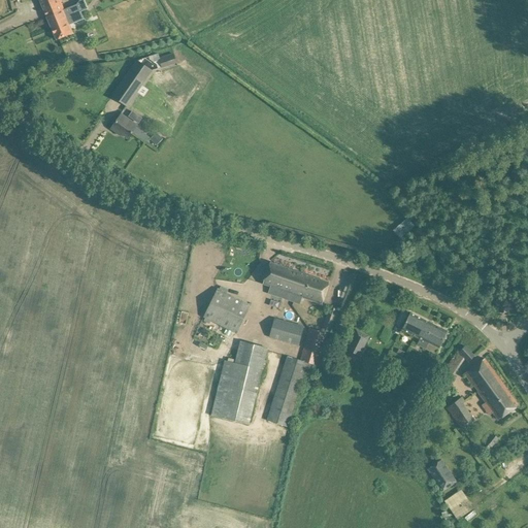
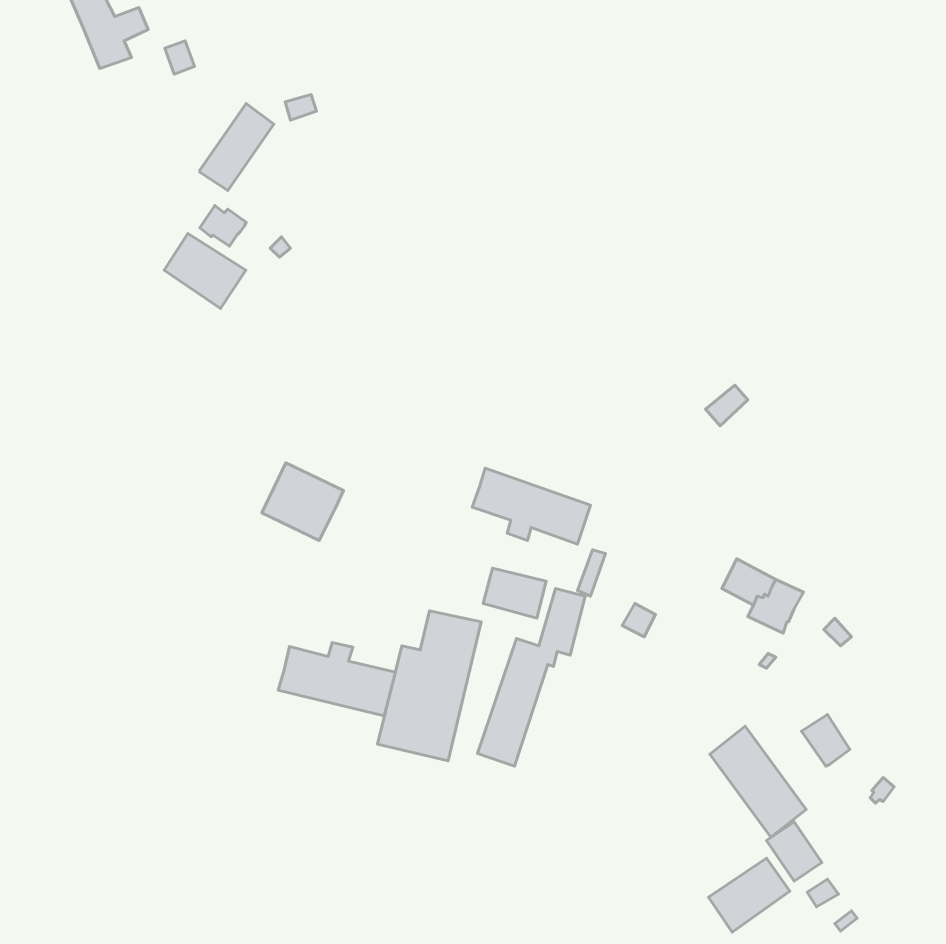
building: none -> [164,234,246,308]
building: [204,288,250,331] -> [262,463,343,540]
building: [464,357,518,419] -> [710,726,806,837]
building: none -> [278,642,395,716]
building: none -> [708,858,790,932]

